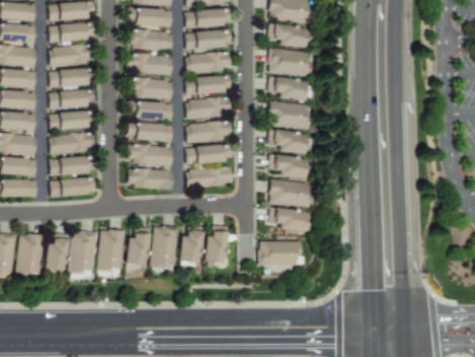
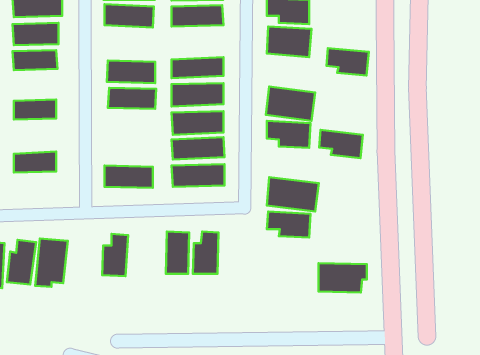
building: [186,53,232,73] -> none
building: [129,55,173,75] -> none
building: [269,78,306,101] -> [327,48,369,75]
building: [51,91,88,110] -> none
building: [130,124,174,142] -> none
building: [51,134,90,155] -> none
building: [129,146,174,165] -> none
building: [269,155,307,180] -> [319,130,363,158]
building: [51,176,97,198] -> none
building: [151,227,179,269] -> none
building: [99,230,125,273] -> none
building: [259,241,301,267] -> [318,263,367,293]

